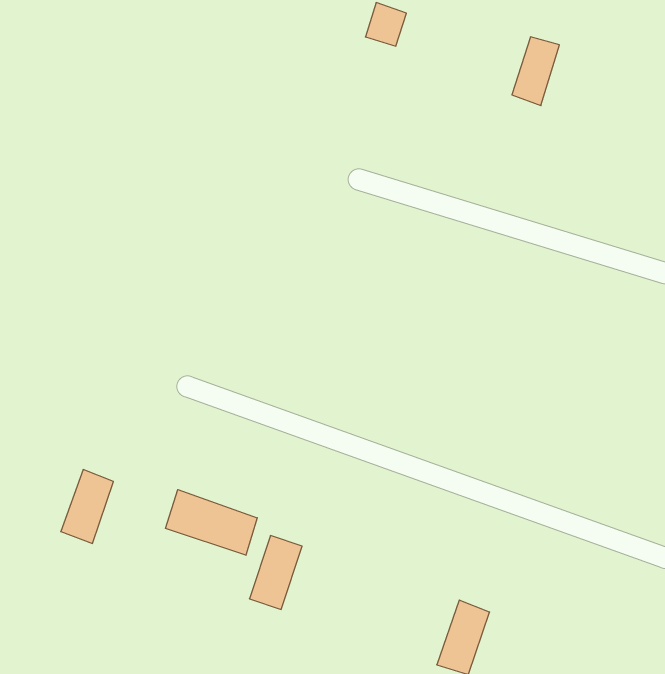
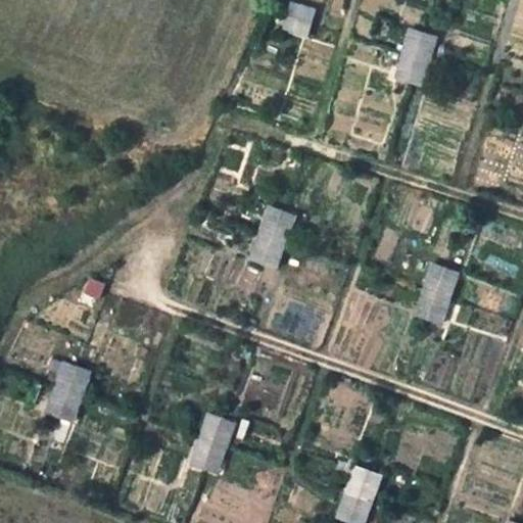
building: none -> [251,206,293,268]
building: none -> [416,263,458,321]
building: [165,490,257,555] -> none

